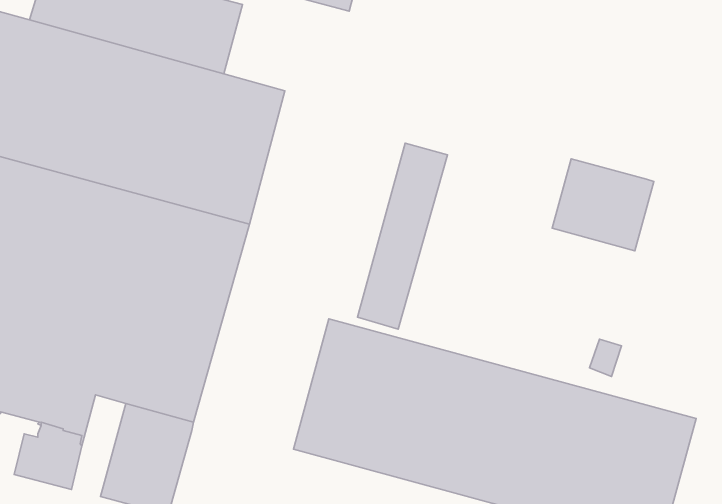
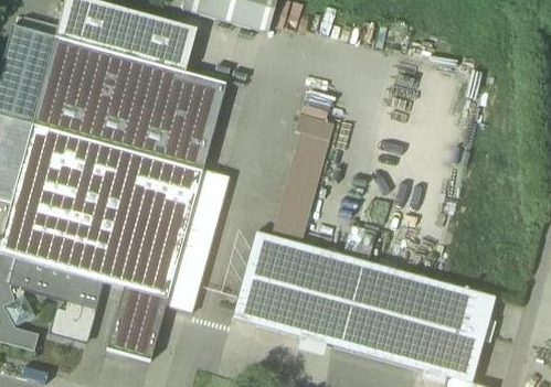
building: [552,159,654,251] -> none
building: none -> [165,171,227,312]

